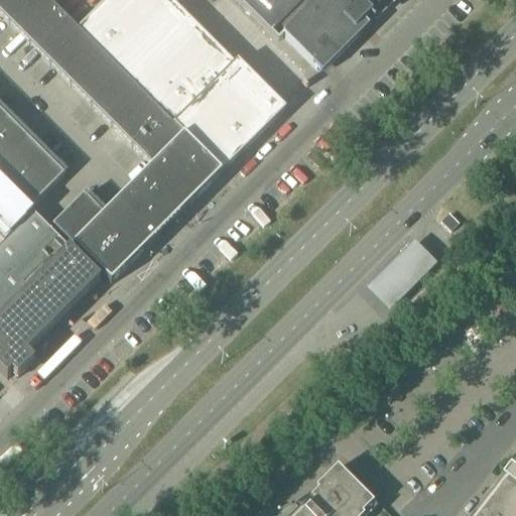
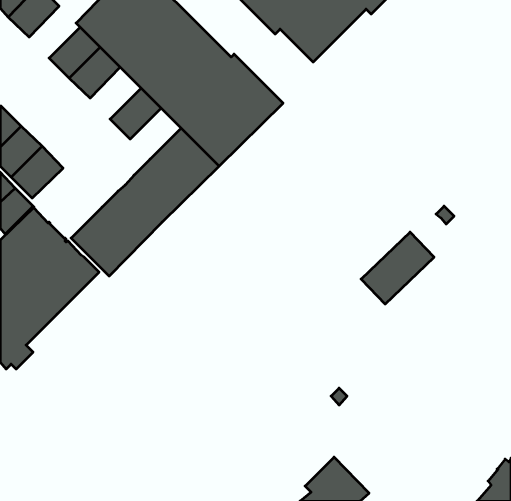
building: [29,6,81,58] -> none
building: [91,68,142,120] -> none
building: [131,109,182,160] -> none
building: [51,188,103,240] -> none

